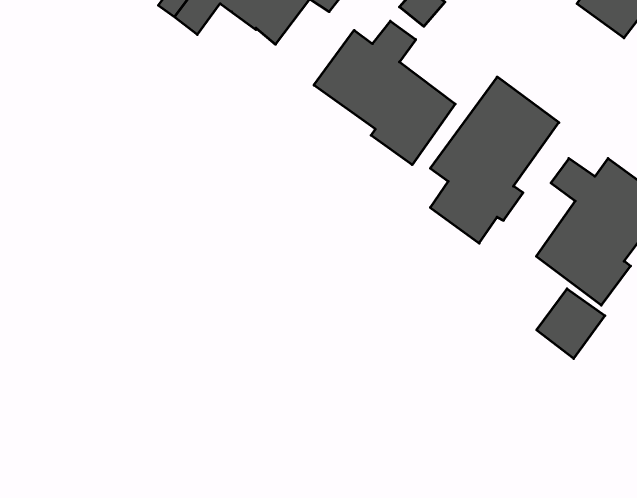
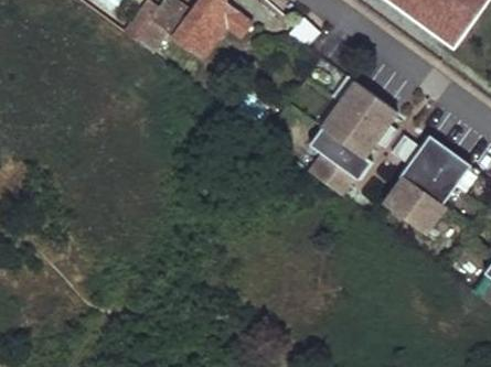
building: [314,21,455,165] -> none
building: [537,289,605,359] -> none

